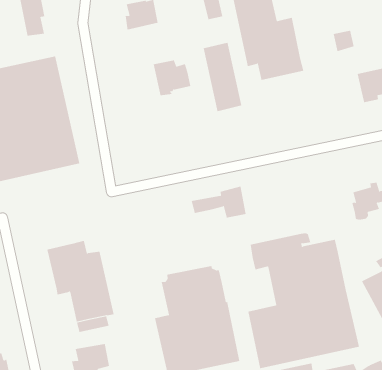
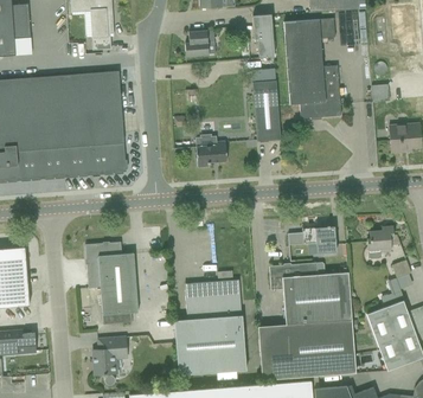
building: [153,60,191,96] -> [196,136,227,167]
building: [191,186,246,218] -> [288,226,337,253]

